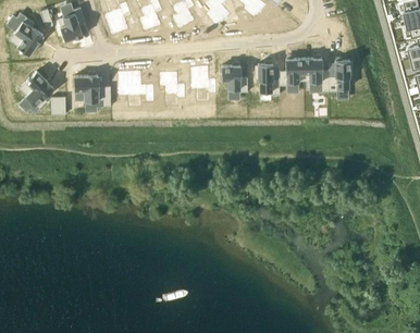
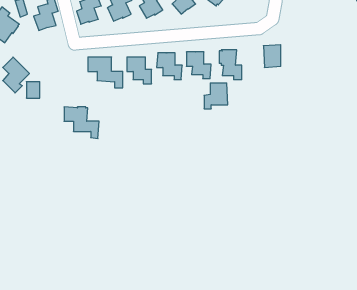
building: [277,59,302,86] -> [204,83,228,109]
building: [325,61,350,94] -> none
building: [72,75,109,109] -> [64,107,99,139]

